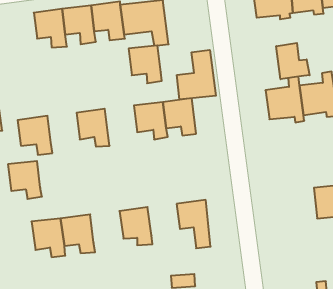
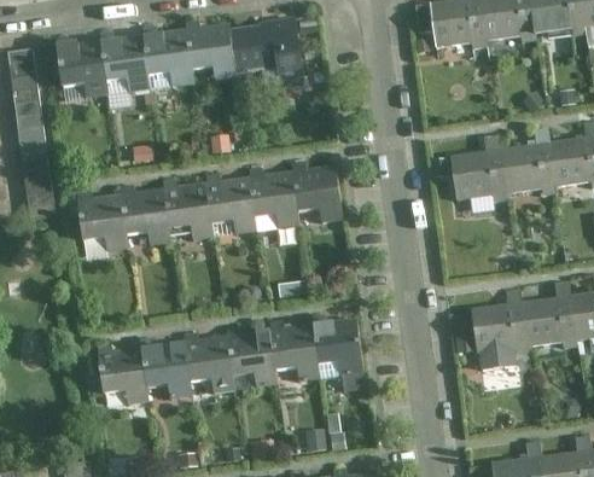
building: none -> [57,39,107,97]
building: [276,43,310,79] -> none
building: [129,45,162,83] -> [208,178,257,234]
building: [177,50,216,100] -> none
building: [8,161,42,199] -> [122,188,173,245]
building: none -> [471,289,525,372]
building: none -> [272,325,322,382]
building: none -> [186,336,237,394]

